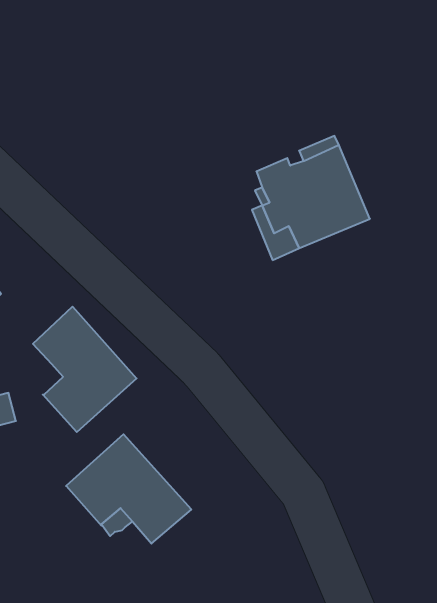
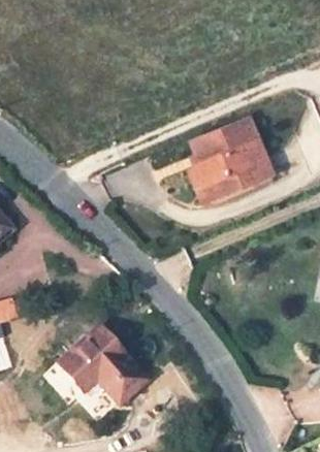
building: [33,307,137,432] -> none

